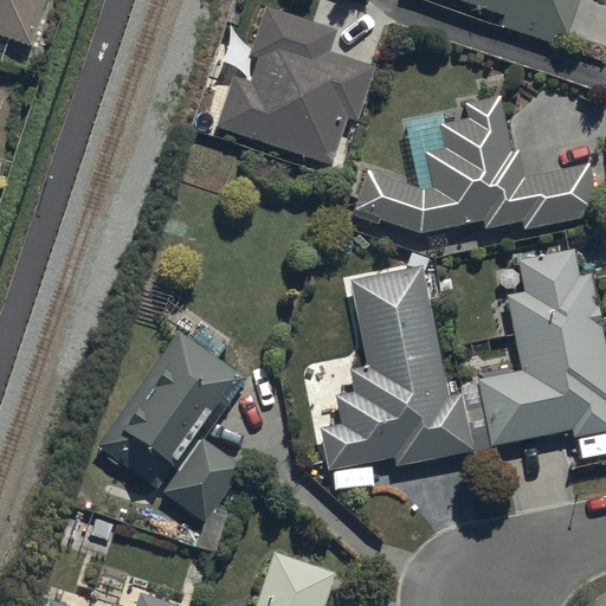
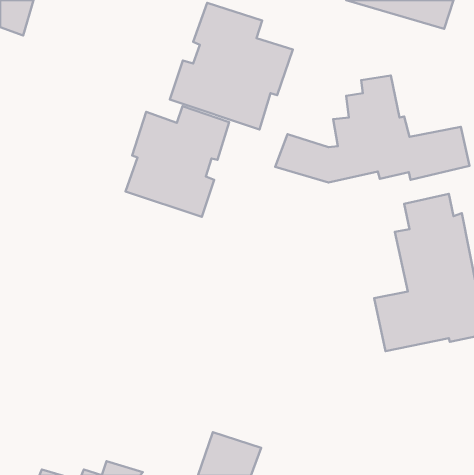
building: none -> [125,106,229,217]
building: [321,265,473,470] -> none
building: [96,321,247,521] -> none

